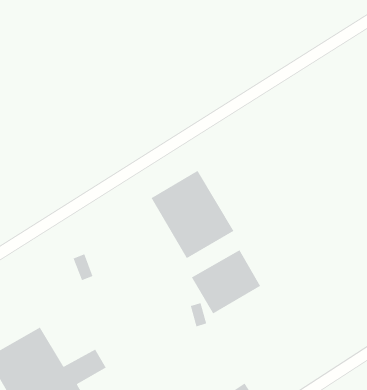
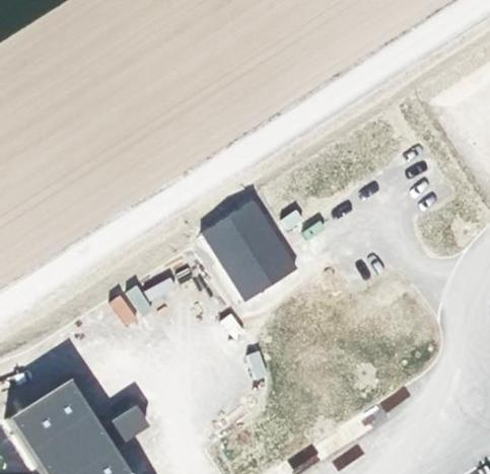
building: [191,249,261,314] -> none

